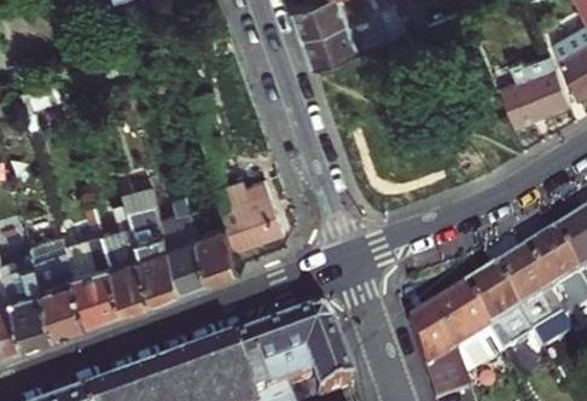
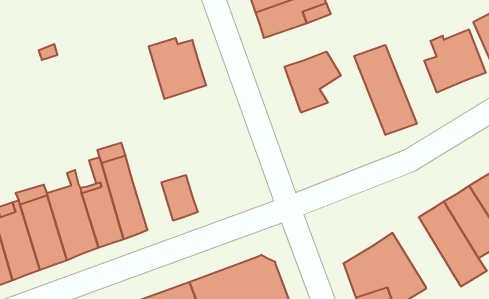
building: none -> [354,45,417,135]
building: none -> [285,52,341,113]
building: [215,175,281,245] -> [149,38,206,99]
building: [163,191,210,284] -> none
building: [464,269,531,350] -> none

